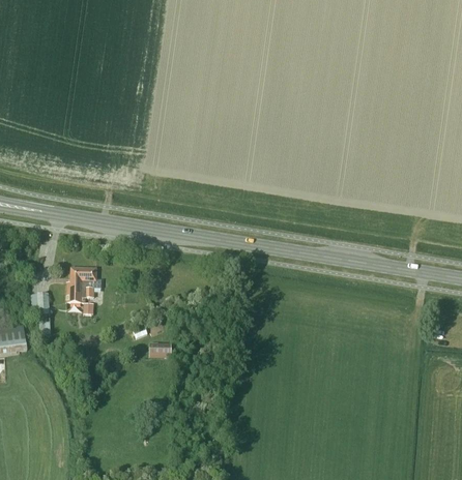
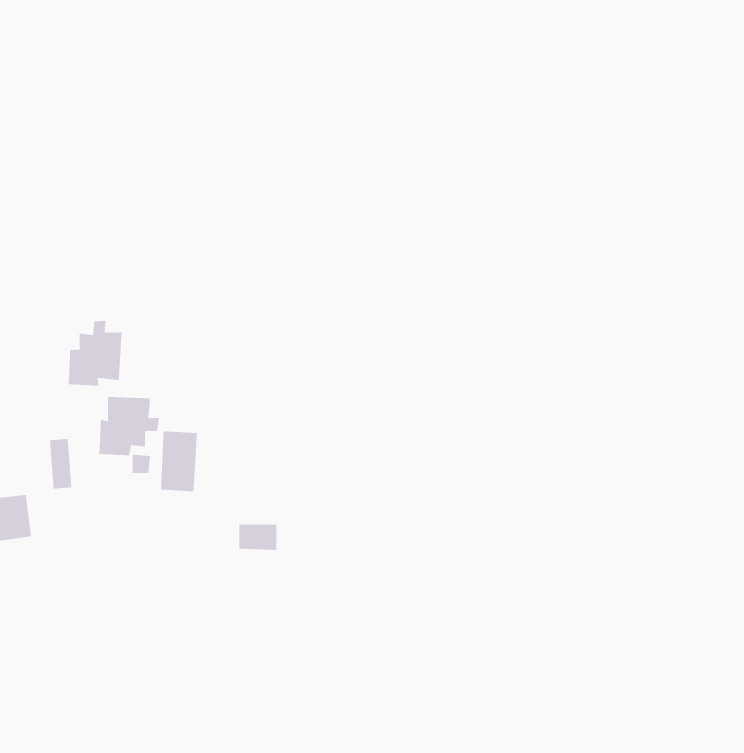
building: none -> [68,320,122,386]
building: none -> [161,431,198,492]

